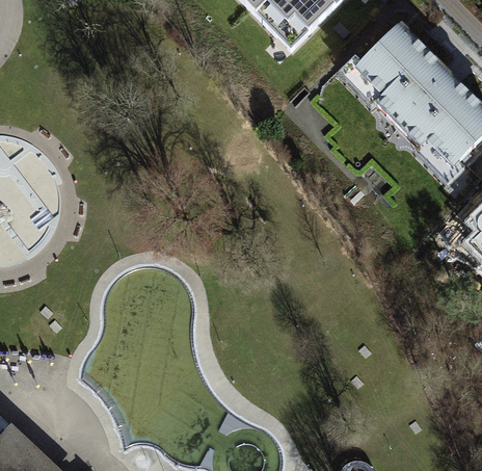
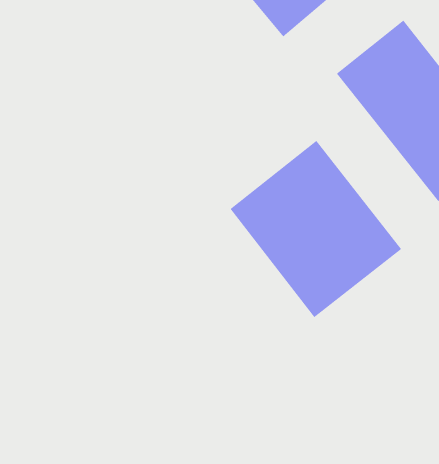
building: none -> [230,140,402,318]

